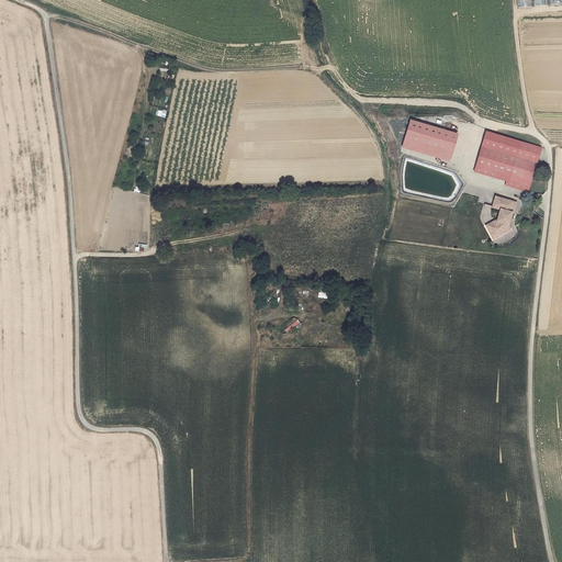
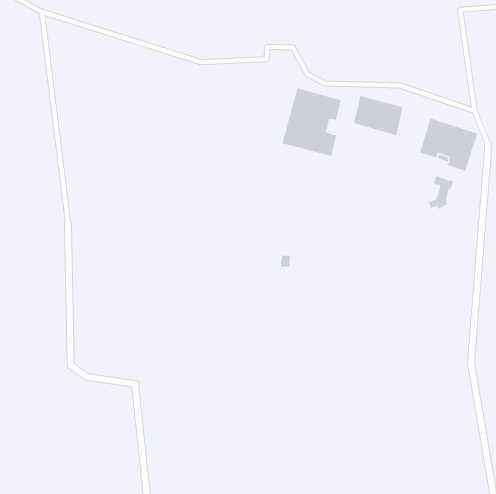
building: none -> [281,87,342,157]

